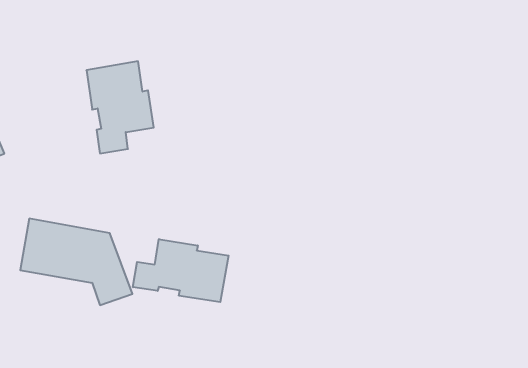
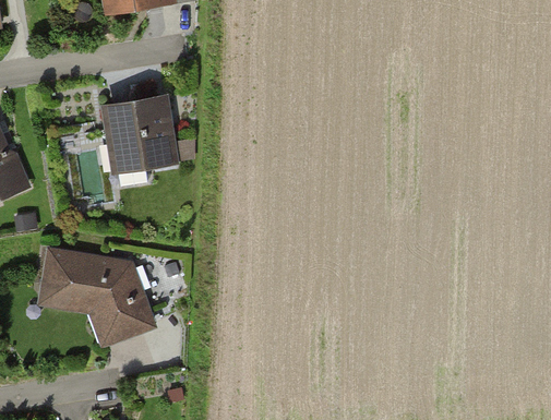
building: [133,239,229,302] -> none

